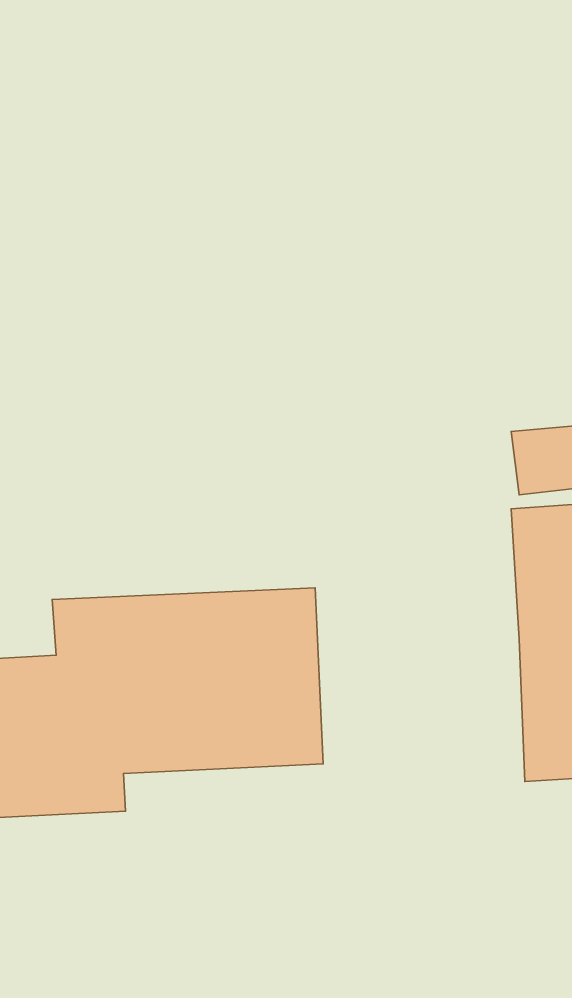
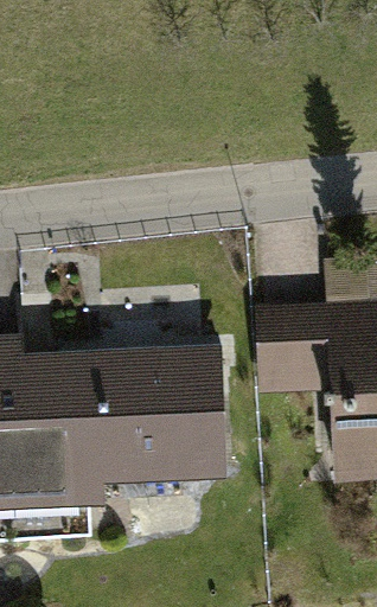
building: none -> [257,311,334,392]

